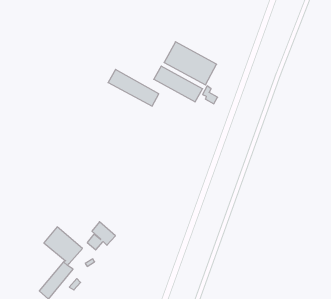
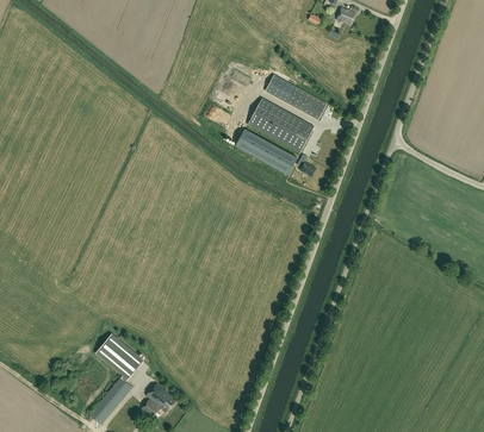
building: [108,69,159,106] -> [262,73,327,119]
building: [87,222,115,250] -> [141,382,176,418]

